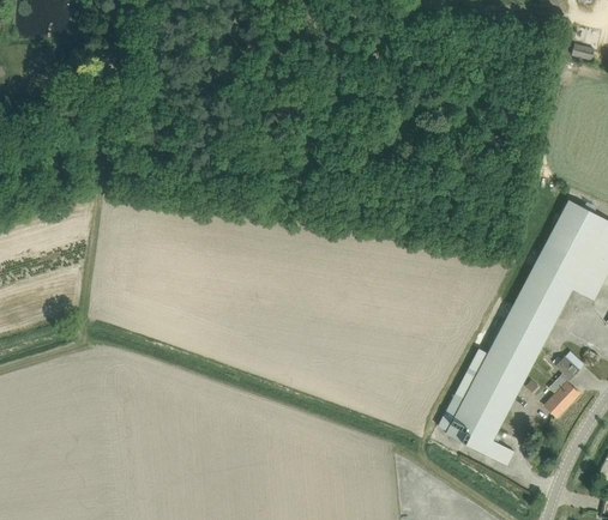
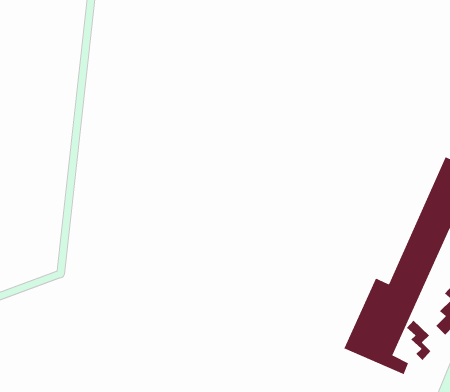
building: none -> [406,320,431,361]

